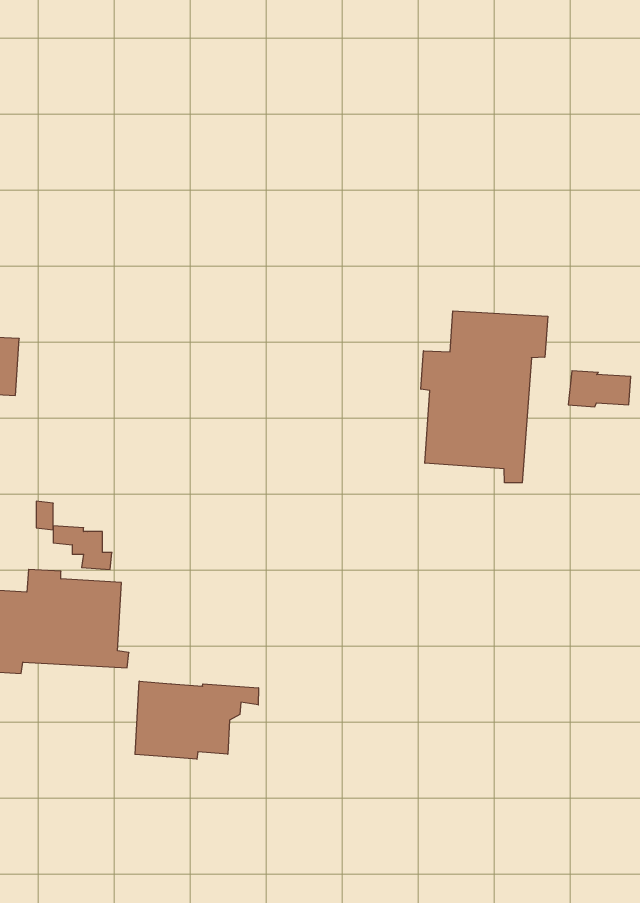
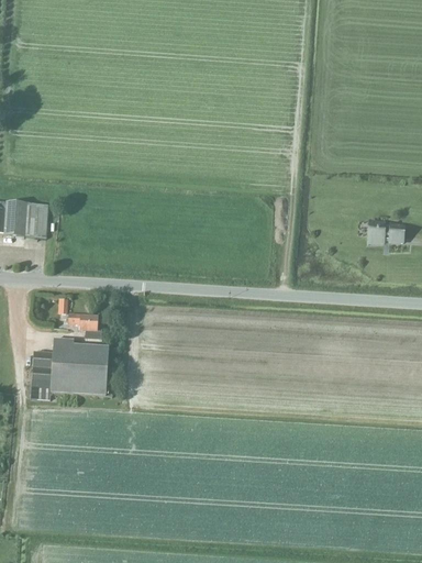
building: [421,311,548,483] -> none
building: [135,681,258,759] -> none

